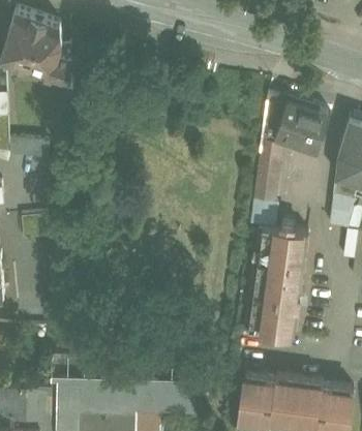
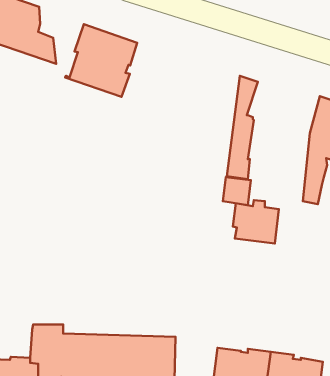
building: none -> [65,24,137,97]
building: [274,104,328,153] -> none
building: [247,266,302,338] -> none

